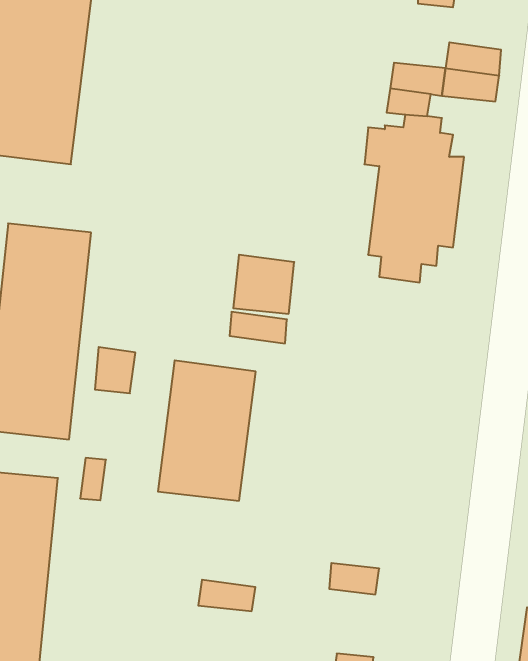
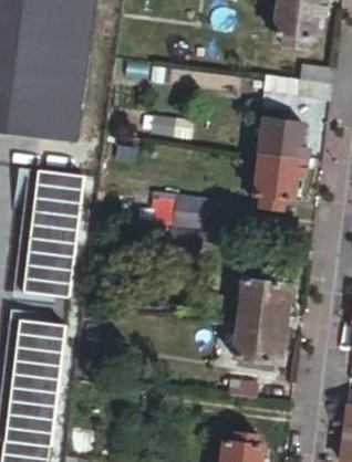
building: [158,360,256,501] -> [231,280,290,364]

